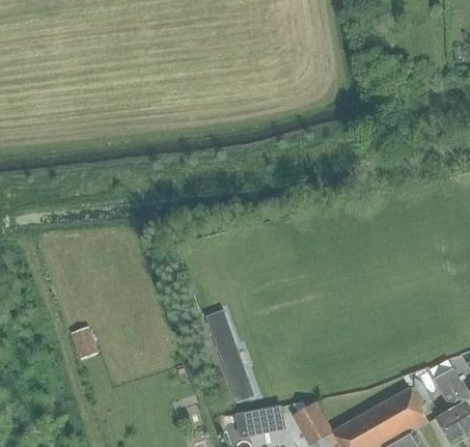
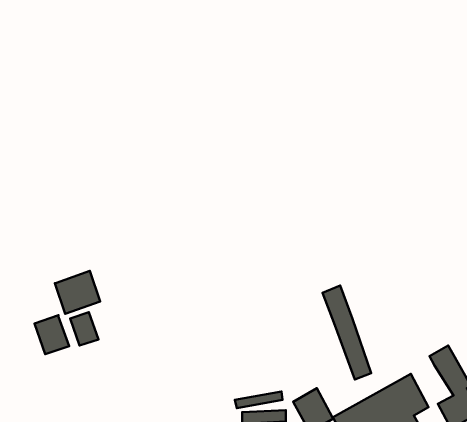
building: none -> [55,271,100,314]
building: [204,309,253,402] -> [322,286,371,379]
building: none -> [34,315,69,354]

